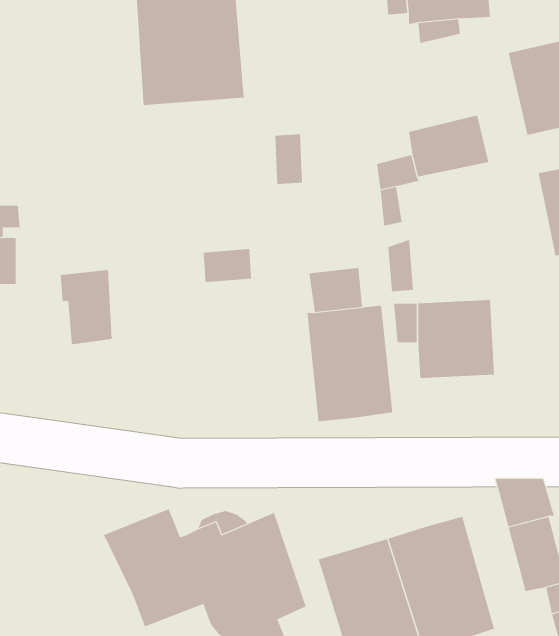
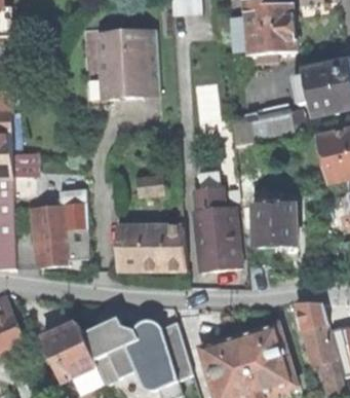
building: none -> [31,206,68,267]
building: none -> [117,227,185,269]
building: none -> [41,322,96,381]

